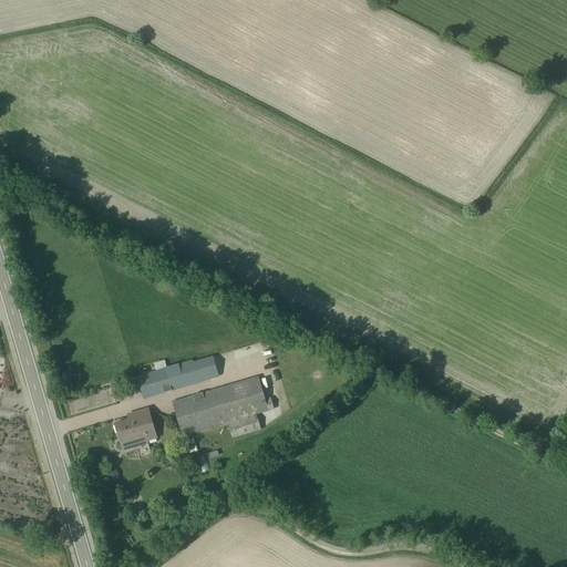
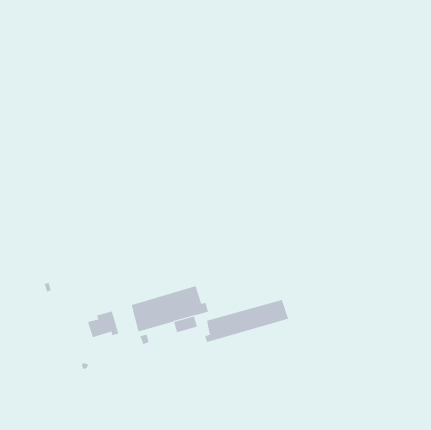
building: [135,353,219,398] -> none
building: none -> [205,299,289,343]

